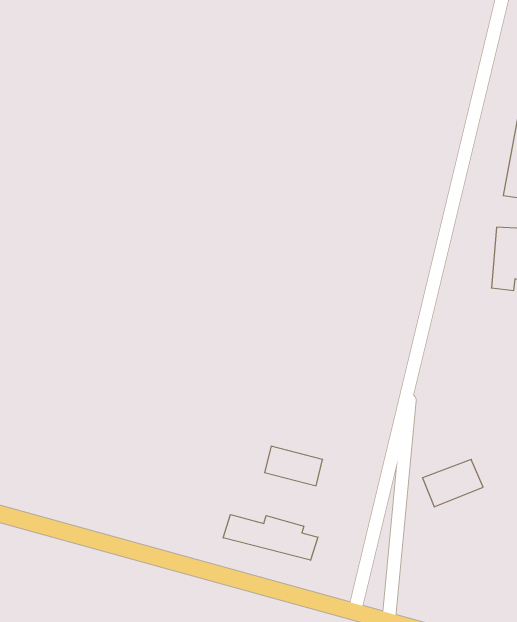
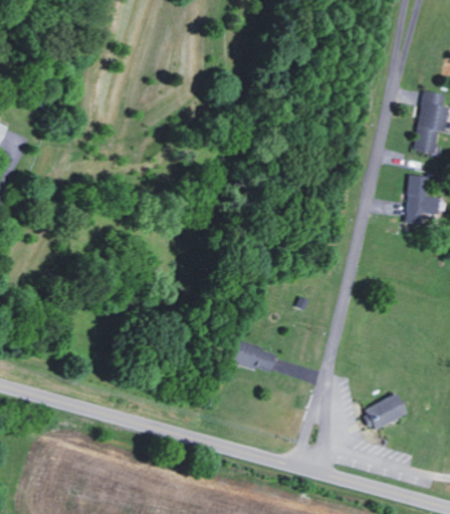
building: [422,459,483,507] -> [363,394,409,430]
building: [223,515,318,560] -> none

